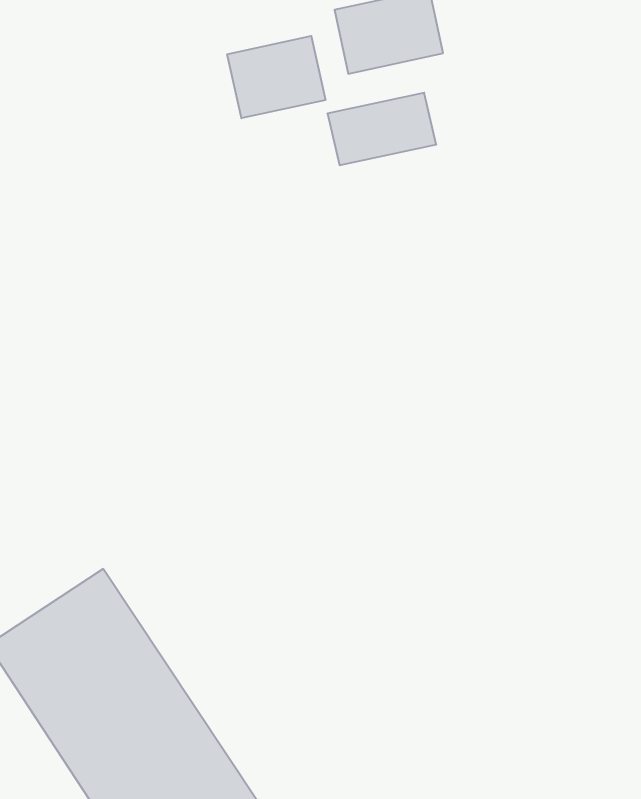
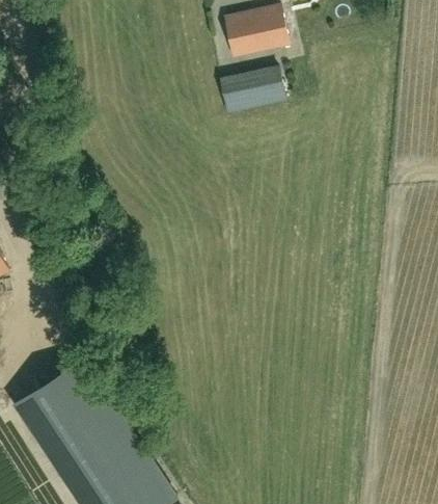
building: [227,36,325,118] -> none

